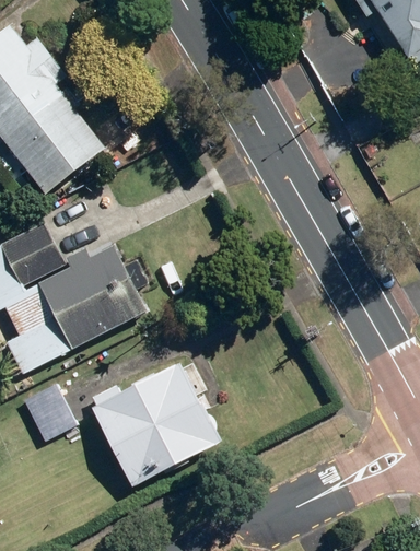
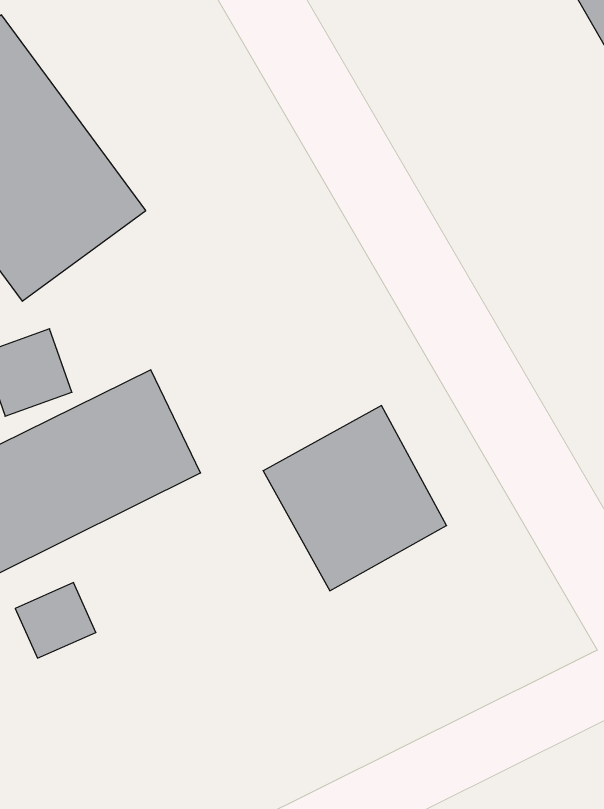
building: [91,361,208,479] -> [263,406,447,591]

